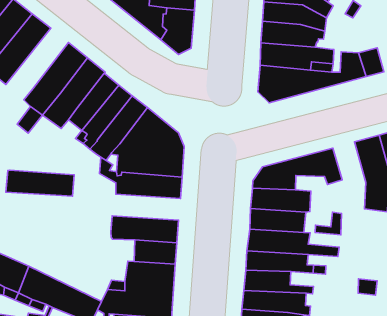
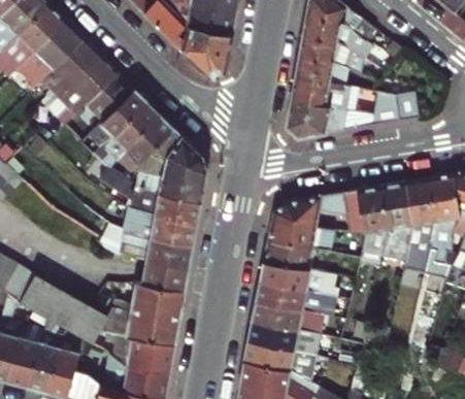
building: none -> [41,38,100,98]
building: none -> [357,186,387,256]
building: [6,170,74,196] -> [126,213,197,246]

